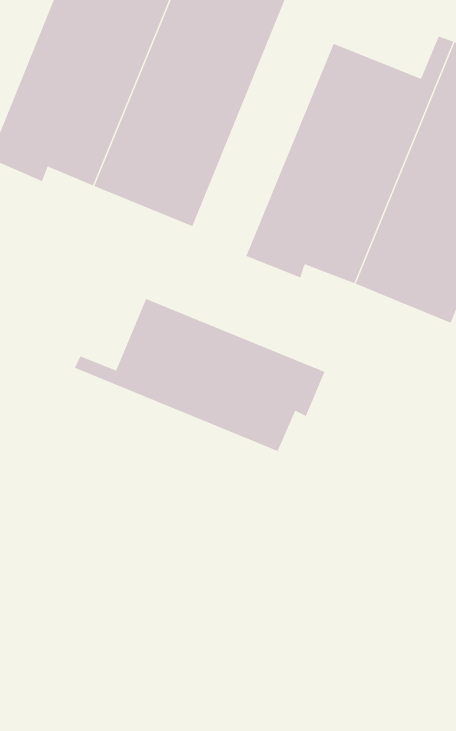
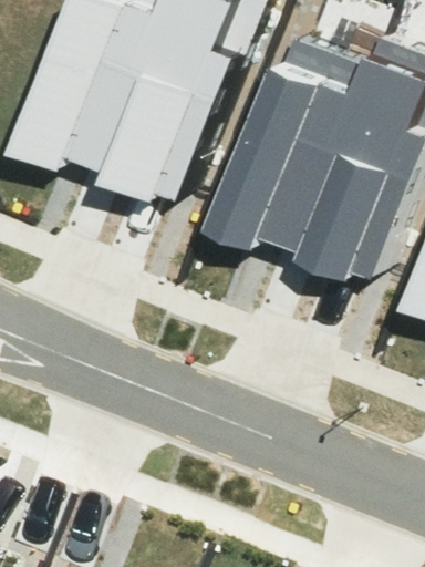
building: [74,298,325,452] -> none

